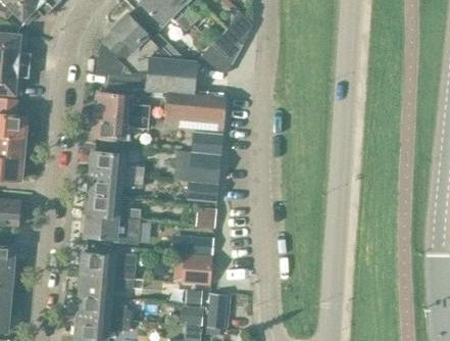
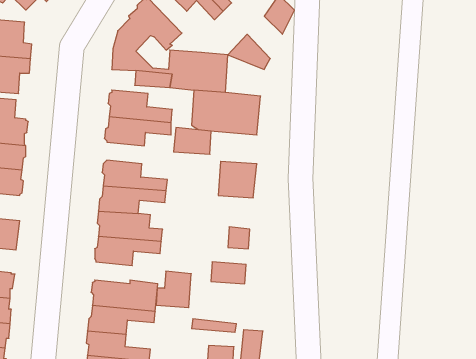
building: [213,30,243,65] -> none
building: [191,132,222,154] -> [174,128,211,154]
building: [187,181,218,202] -> none
building: [182,254,211,285] -> [156,271,191,308]

